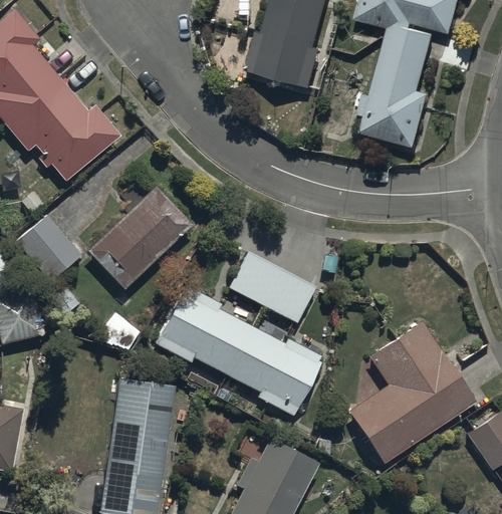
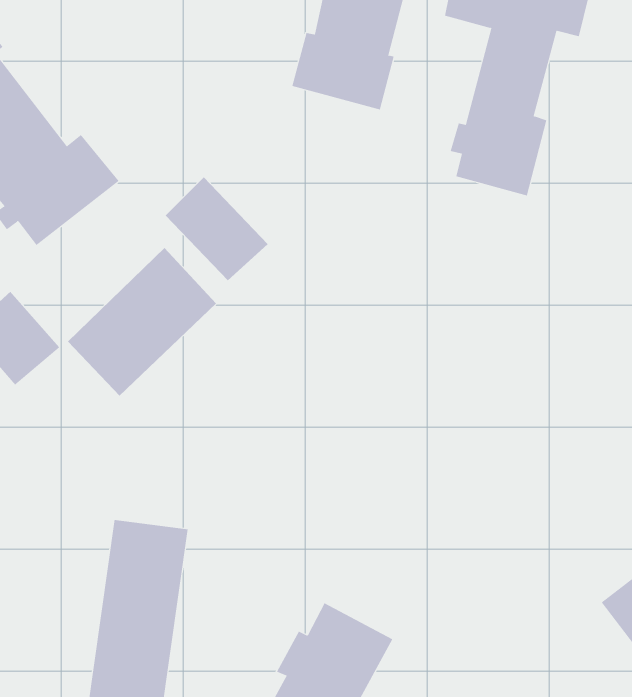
building: none -> [165,176,268,281]
building: [154,250,320,417] -> none
building: [349,320,477,463] -> none

